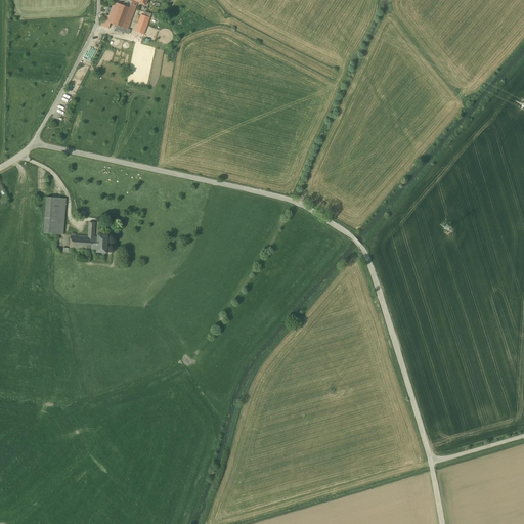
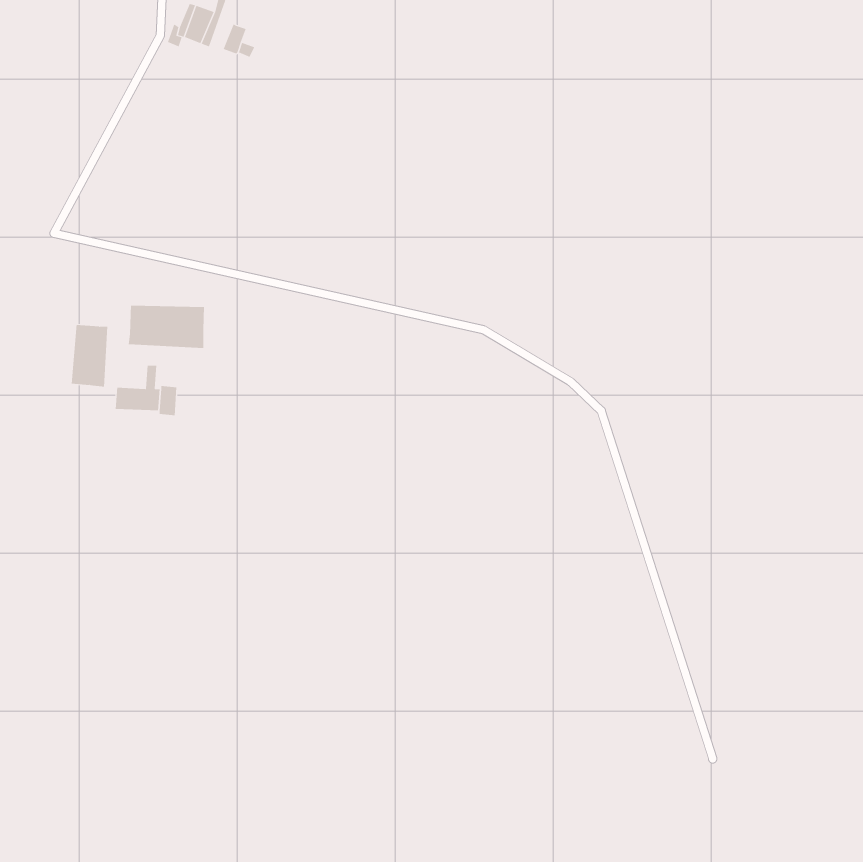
building: none -> [128,305,204,349]

